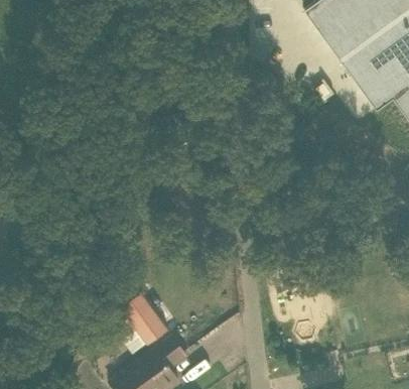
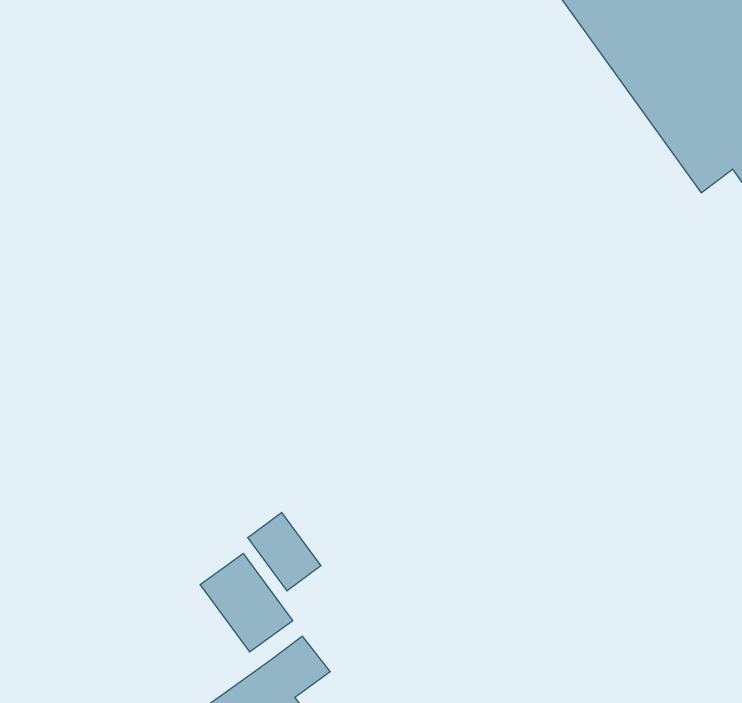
building: none -> [248,512,321,591]

